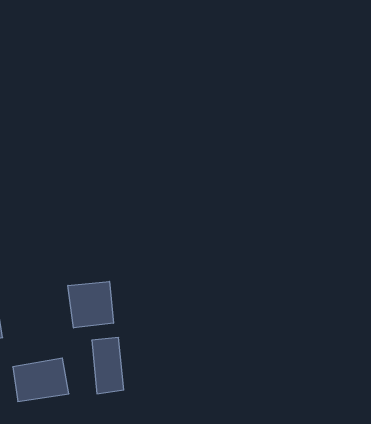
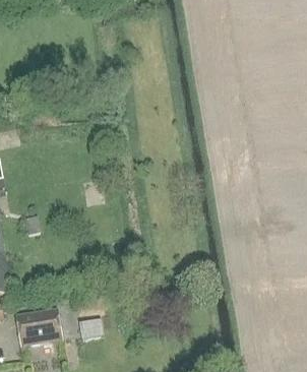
building: [68,281,113,328] -> none

